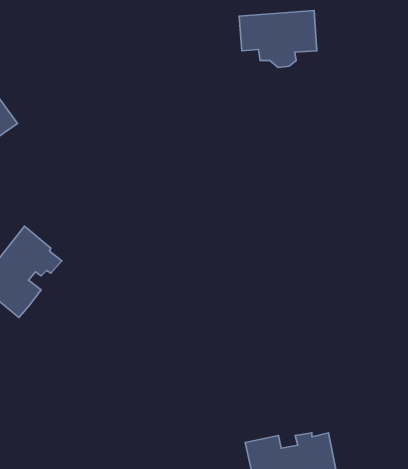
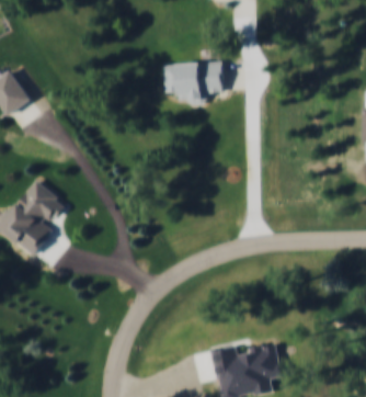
building: [239,11,317,67] -> [162,60,224,105]

